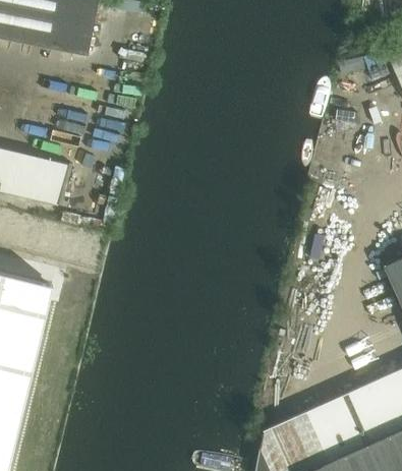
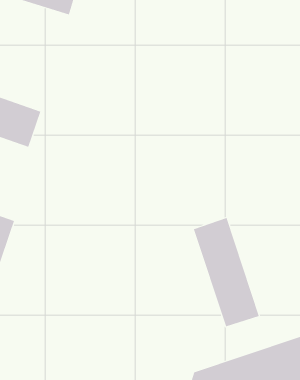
building: none -> [193,217,260,327]

